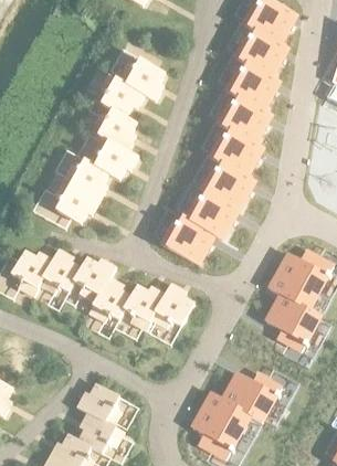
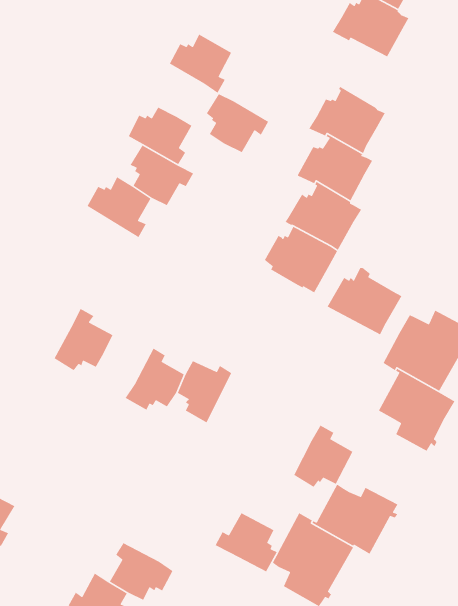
building: [225,62,278,109] -> none
building: [99,74,144,116] -> [206,93,269,153]
building: [53,179,98,223] -> none
building: [160,216,213,264] -> [327,267,403,335]
building: [11,251,52,296] -> none
building: [74,257,114,303] -> none
building: [151,284,193,328] -> [293,425,353,488]
building: [76,384,120,426] -> [214,512,278,573]

